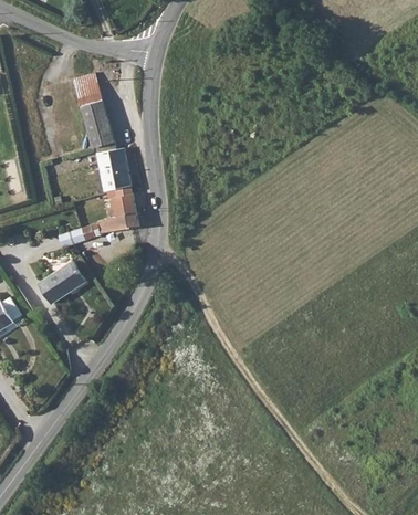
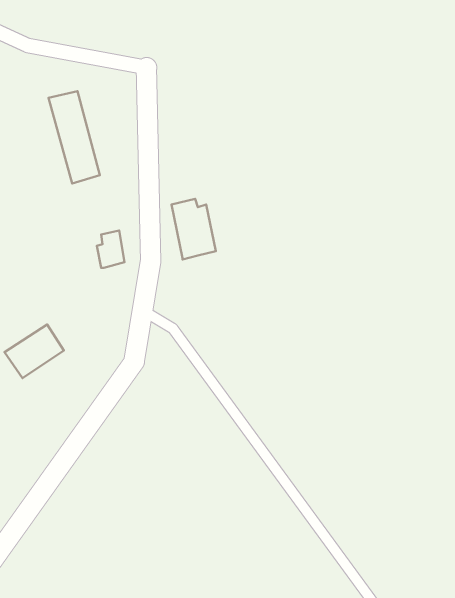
building: [94,143,129,191] -> [172,199,216,260]
building: [95,210,137,232] -> none

